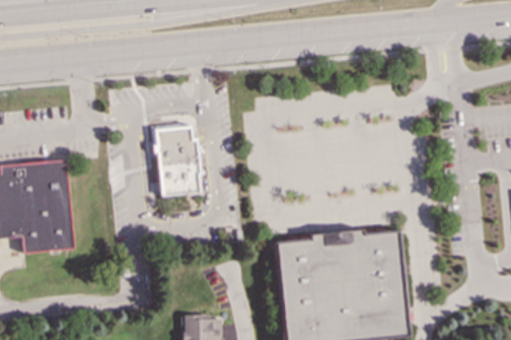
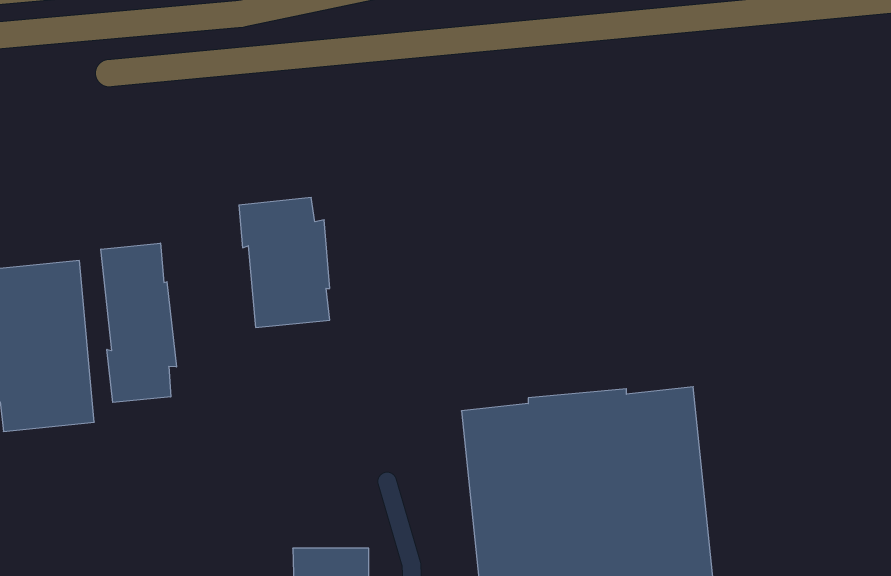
building: none -> [101,243,176,402]

